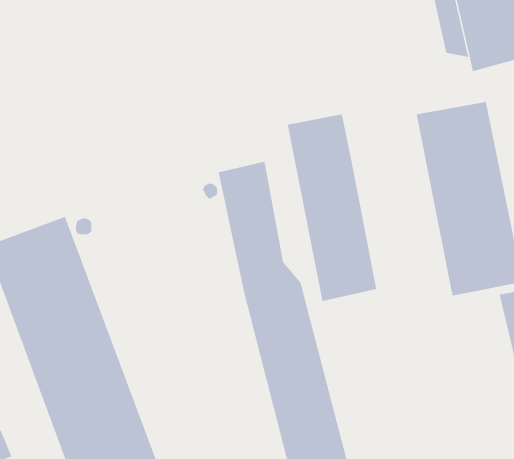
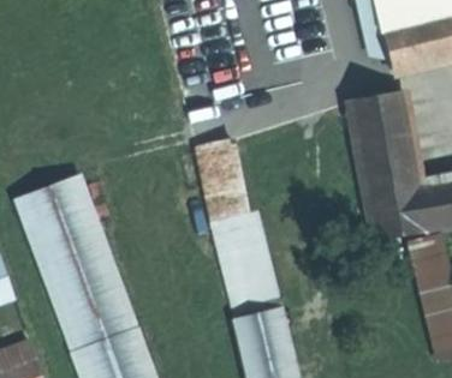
building: [287,113,377,302] -> none

